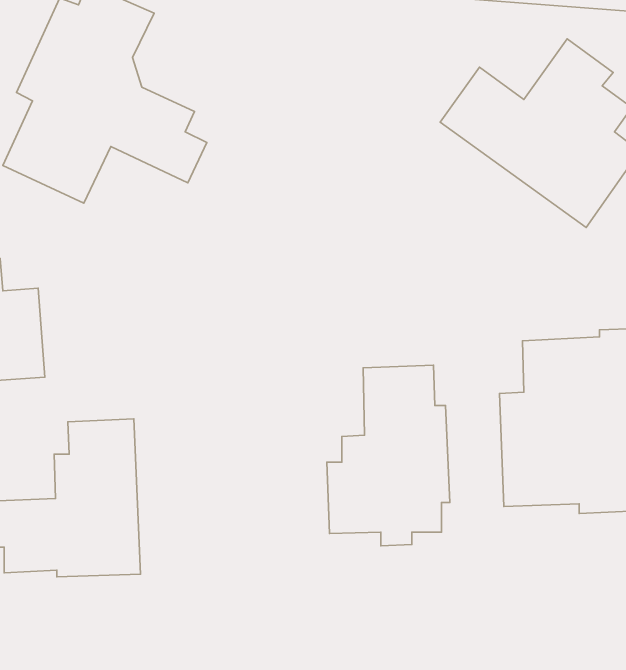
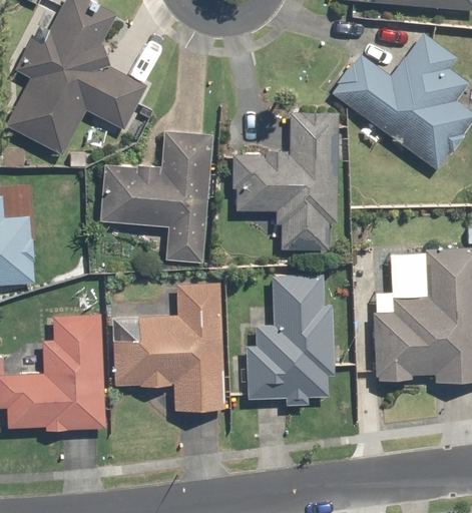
building: none -> [230,111,338,250]
building: none -> [98,130,212,263]
building: none -> [111,283,224,411]

